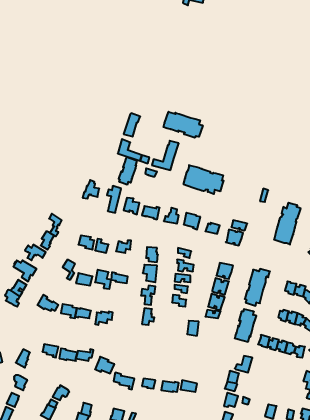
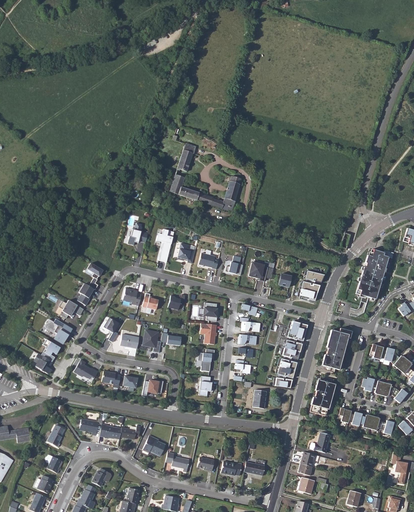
building: [163,112,203,138] -> none
building: [119,157,137,185] -> none
building: [184,165,224,194] -> none

